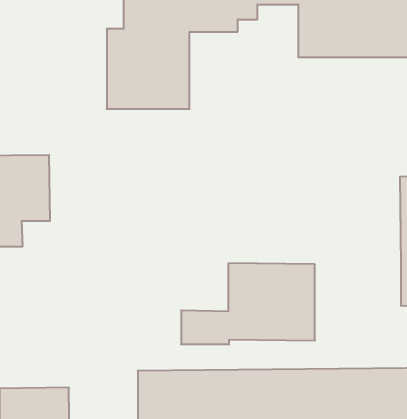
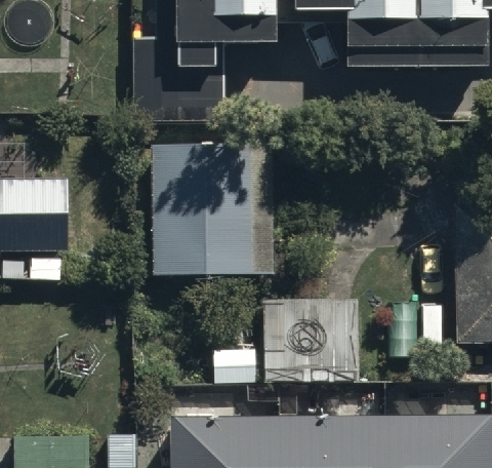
building: none -> [152,142,277,274]

